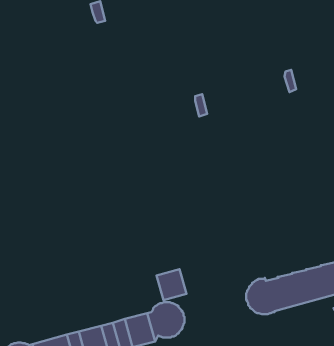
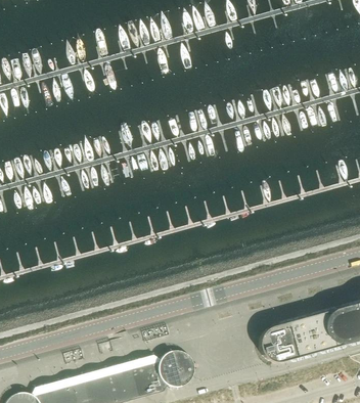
building: [156,269,186,300] -> none

